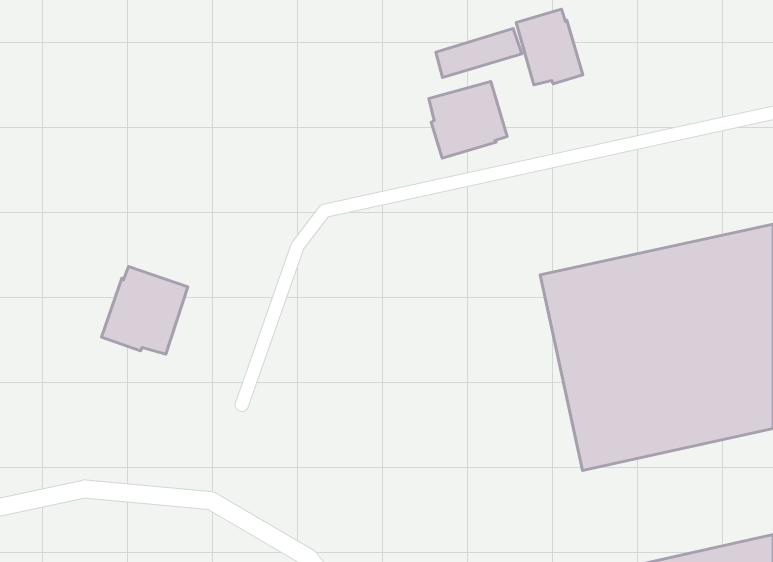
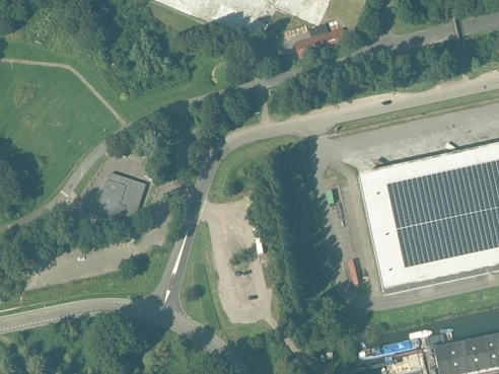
building: [516,9,583,85] -> none
building: [429,81,507,158] -> none

